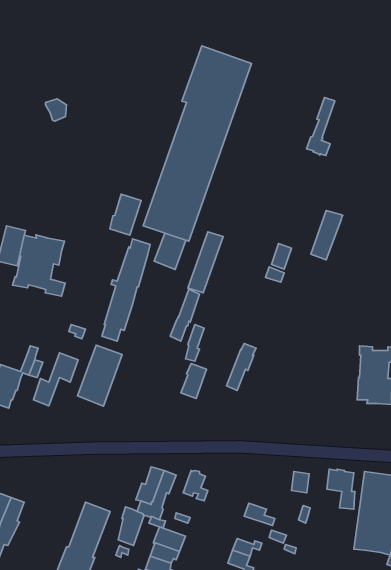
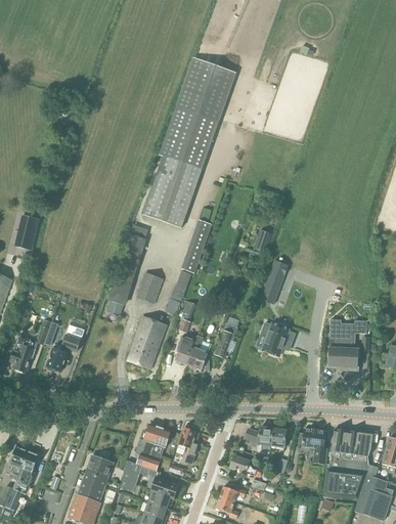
building: [306,98,335,156] -> none
building: [110,194,141,235] -> none
building: [311,211,343,260] -> [261,260,289,303]
building: [154,233,186,269] -> [136,271,164,303]
building: [13,235,65,296] -> none
building: [77,345,122,406] -> [128,315,167,368]
building: none -> [261,321,296,355]
building: none -> [188,338,212,369]
building: none -> [245,427,273,448]

